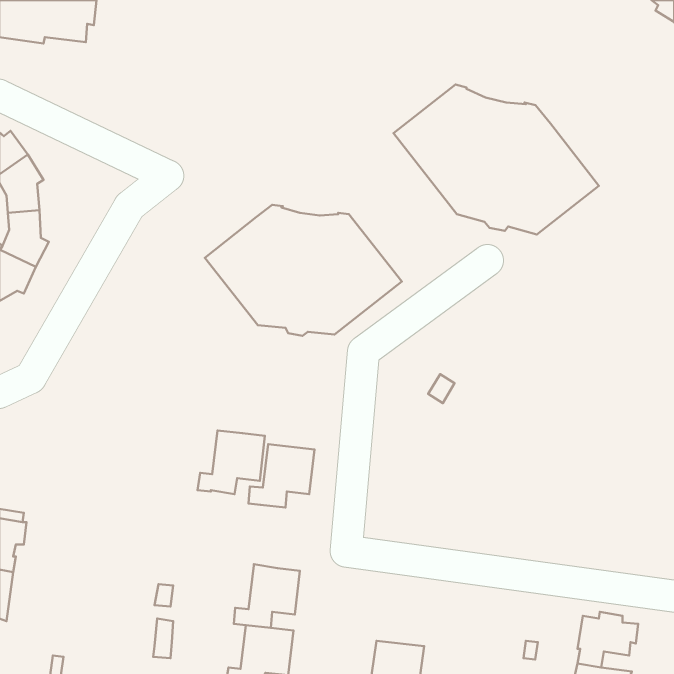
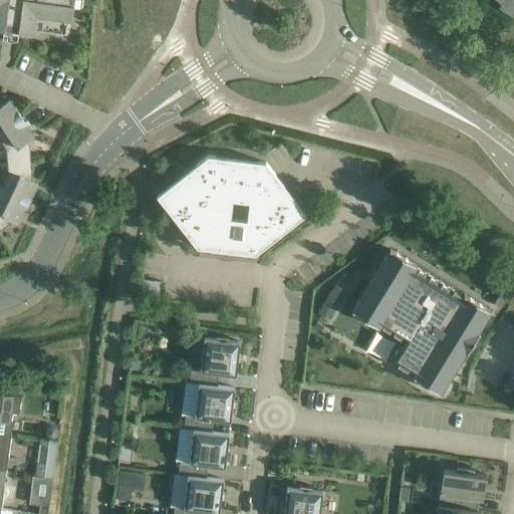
building: [394,85,599,235] -> none
building: none -> [345,255,485,400]
building: [198,431,265,494] -> [183,384,234,433]
building: none -> [34,440,56,479]

